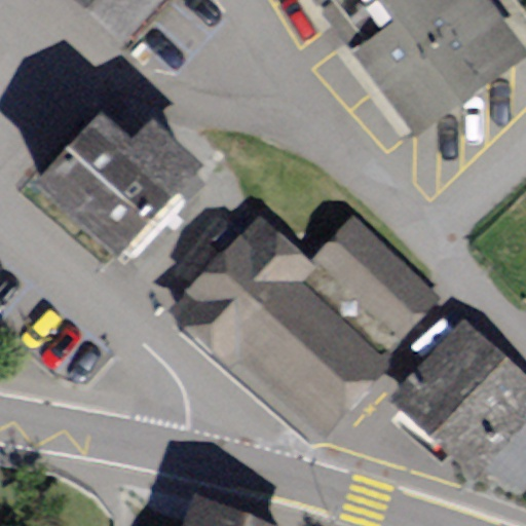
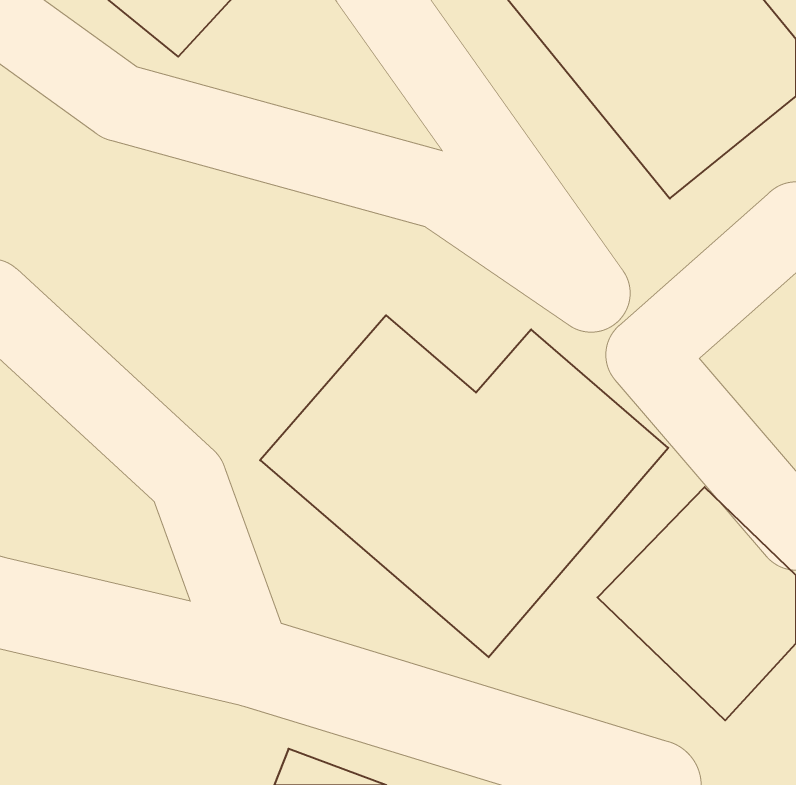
building: [37,99,219,262] -> none

